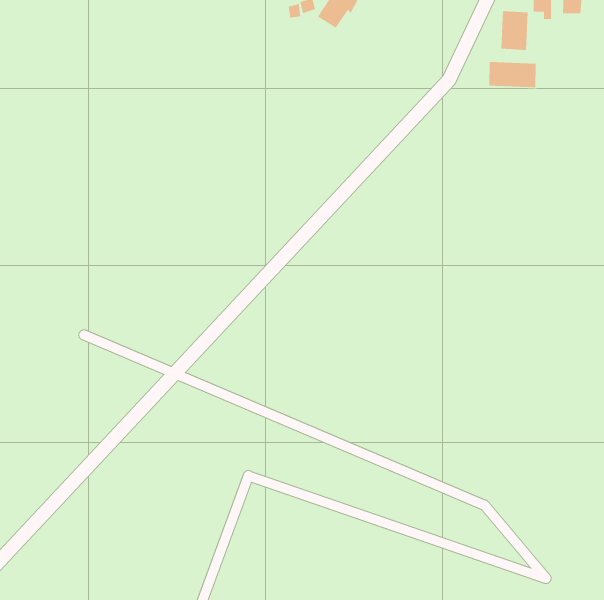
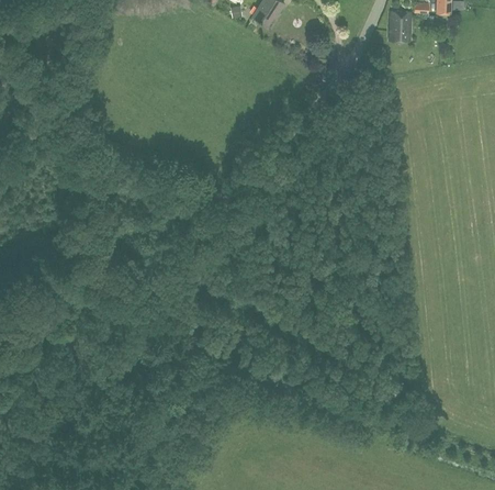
building: [489,61,536,88] -> none

